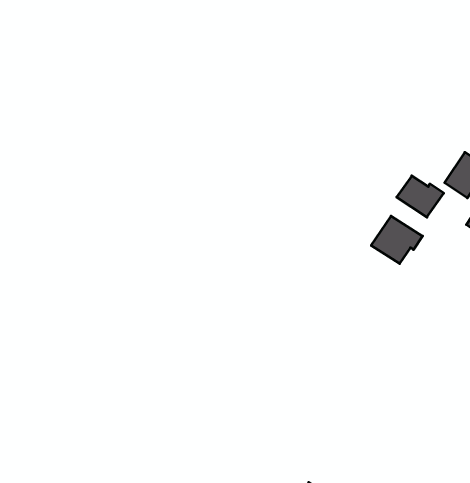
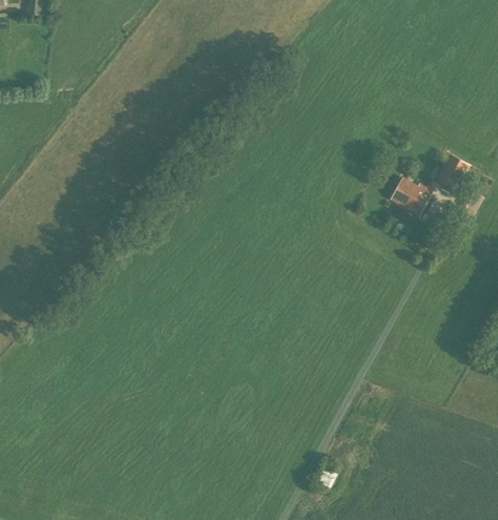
building: [371,216,423,264] -> none

